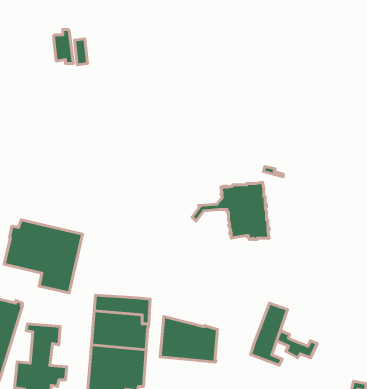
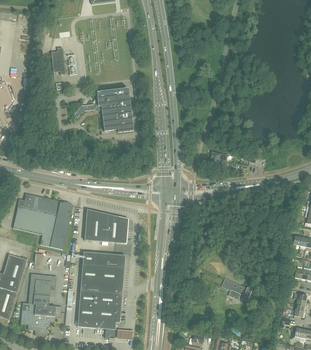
building: [192,182,269,239] -> [74,87,133,131]
building: [251,303,288,365] -> none
building: [160,317,217,362] -> [84,208,128,243]

